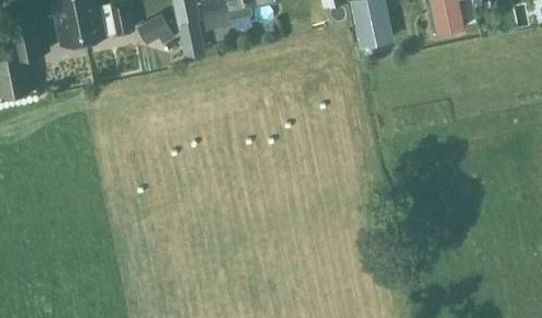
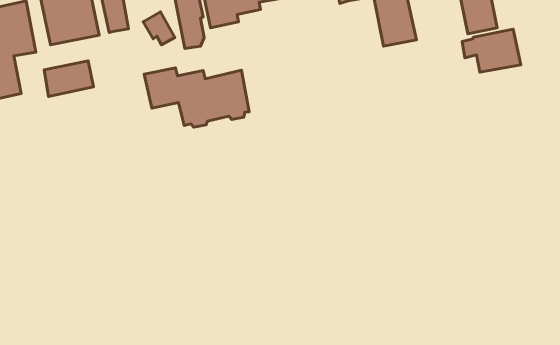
building: none -> [462,29,521,72]
building: none -> [44,61,94,97]
building: none -> [144,68,249,127]

